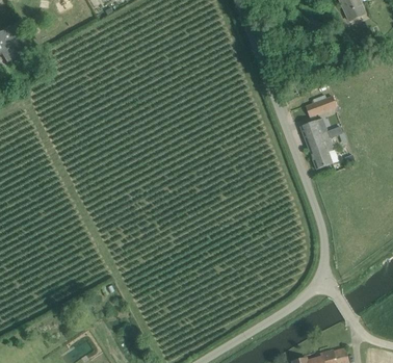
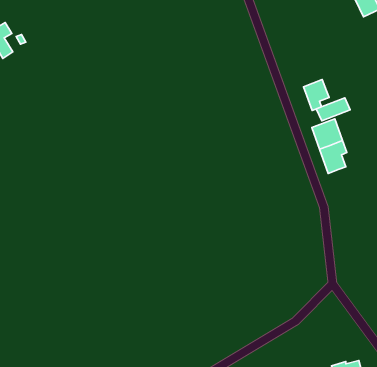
building: none -> [303,80,329,110]

